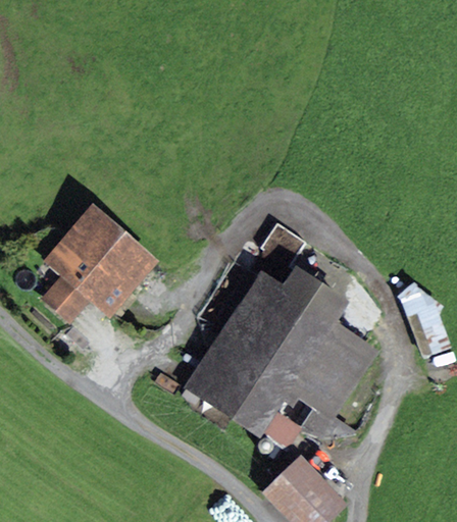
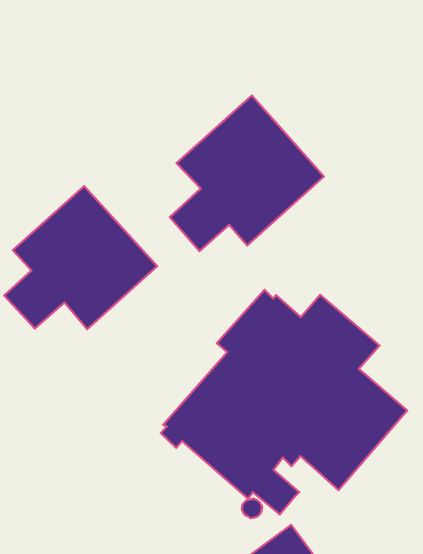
building: none -> [170,96,324,251]
building: [298,408,355,439] -> none

